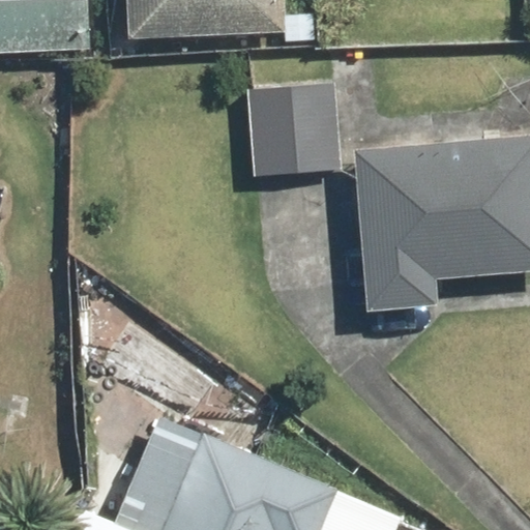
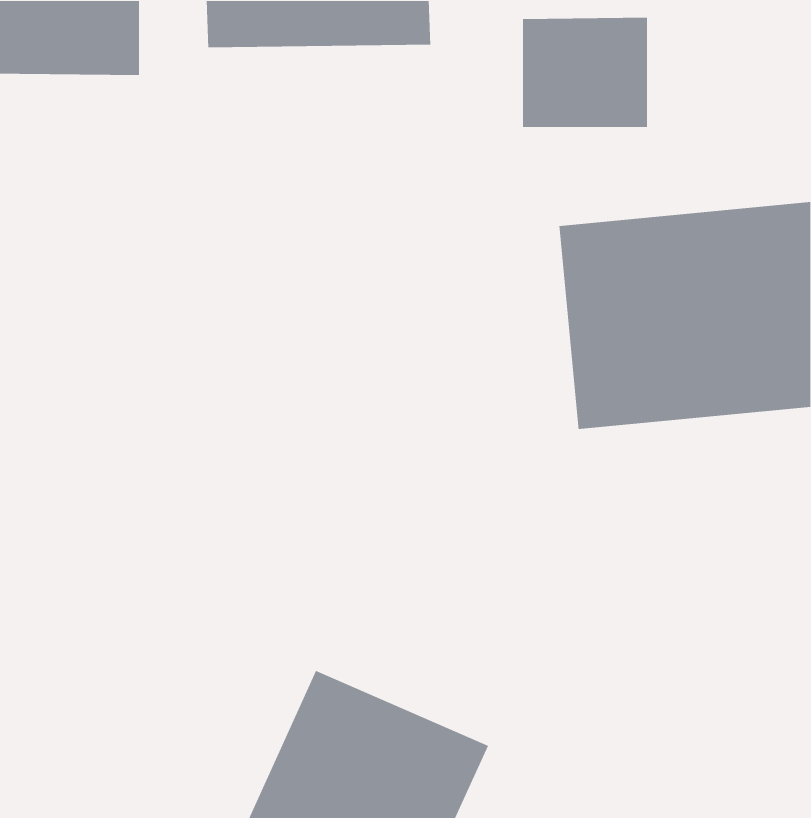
building: [252,93,332,165] -> [522,17,648,128]

